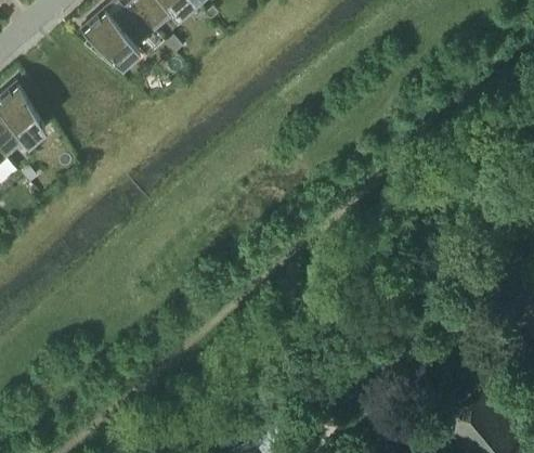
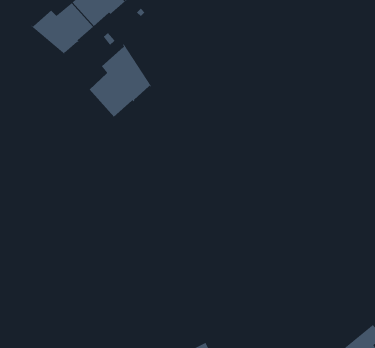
building: none -> [89,43,152,118]

